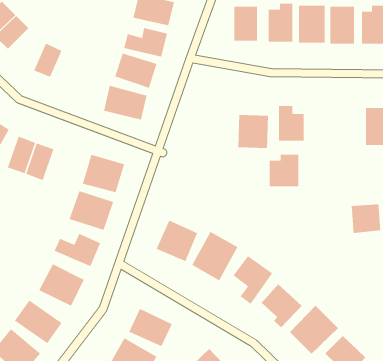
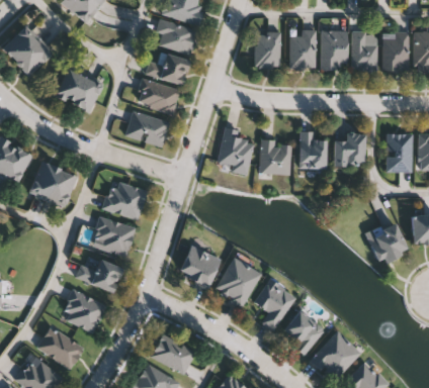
building: none -> [72,77,101,112]
building: none -> [217,127,254,173]
building: [269,154,299,187] -> [334,133,364,167]

